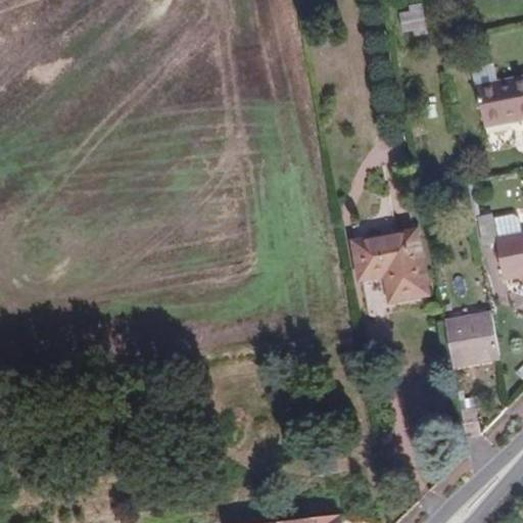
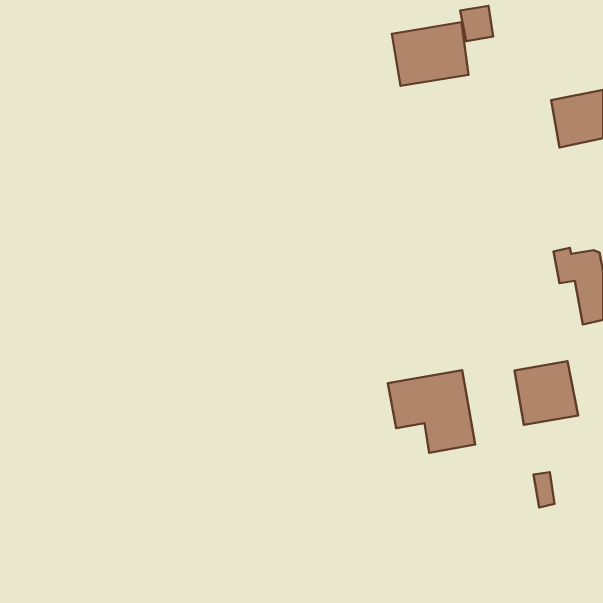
building: none -> [392,22,469,86]
building: [353,231,429,302] -> [388,370,475,453]

